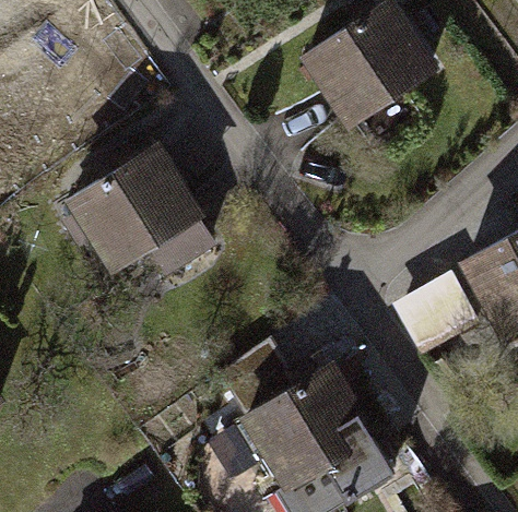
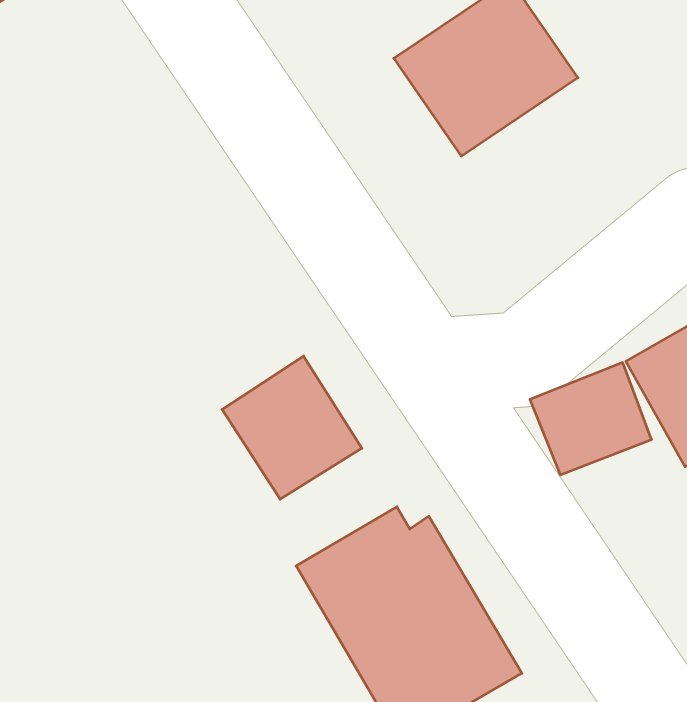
building: [64,155,204,271] -> none
building: none -> [222,356,362,499]

